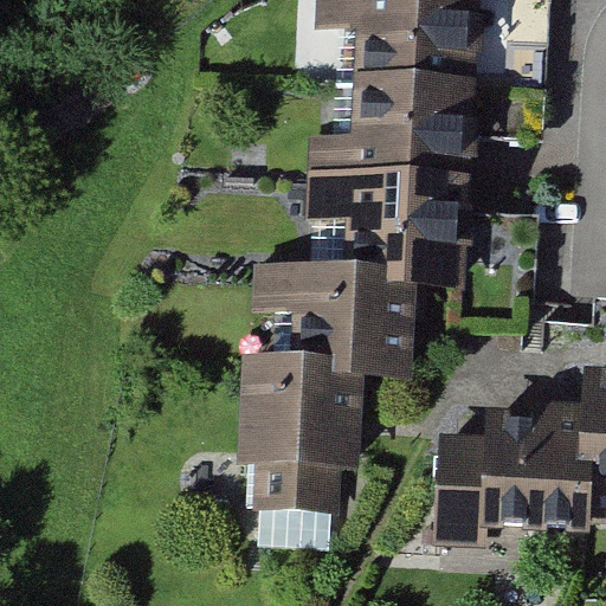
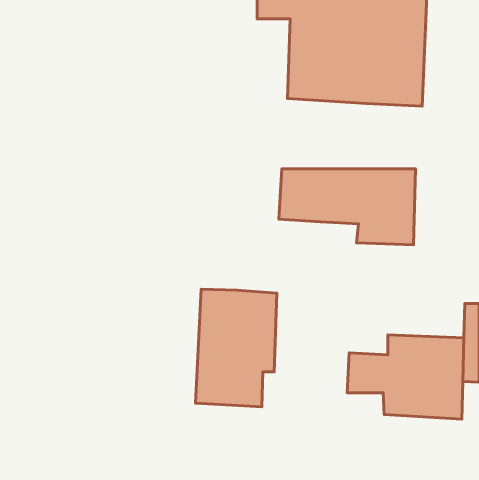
building: [309,123,457,211] -> none
building: [257,267,400,368] -> none

